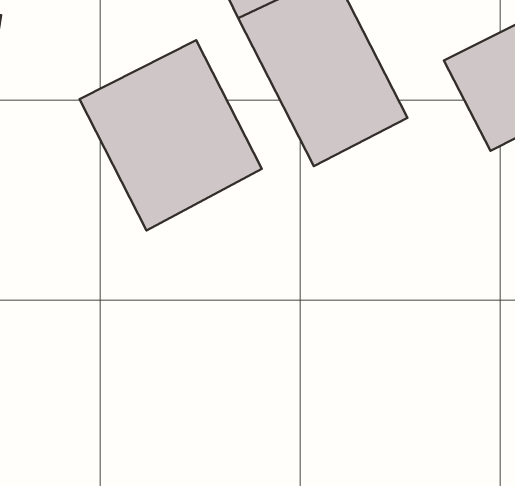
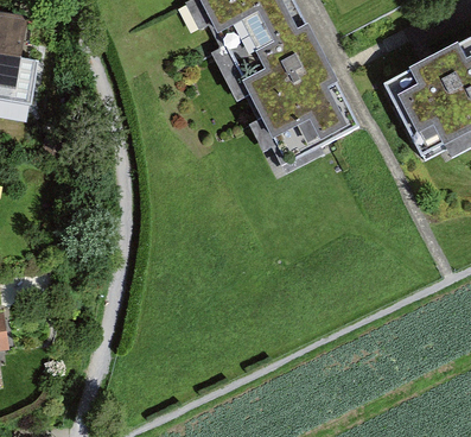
building: [79,40,262,231] -> none

